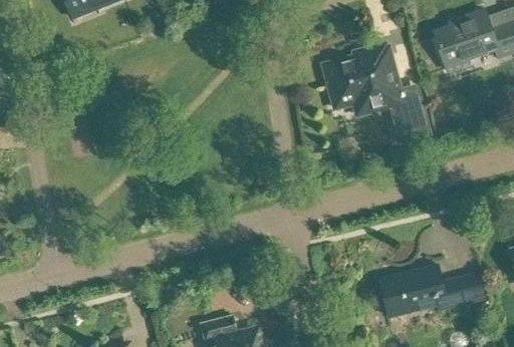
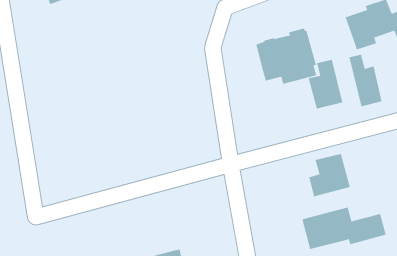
building: none -> [349,54,382,107]
building: none -> [308,153,350,197]

